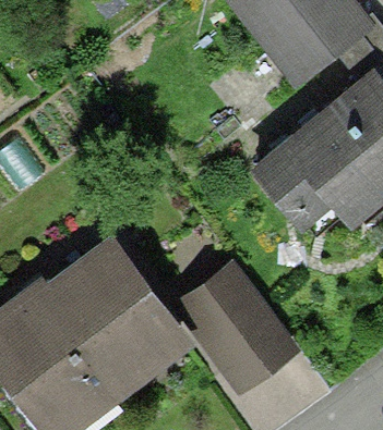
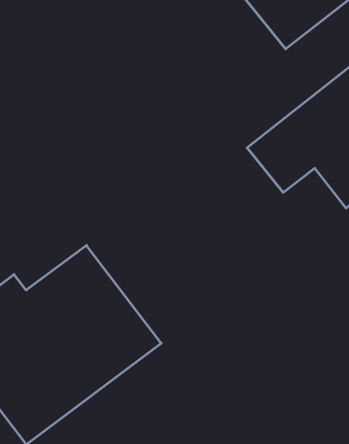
building: [183,268,290,378] -> none

